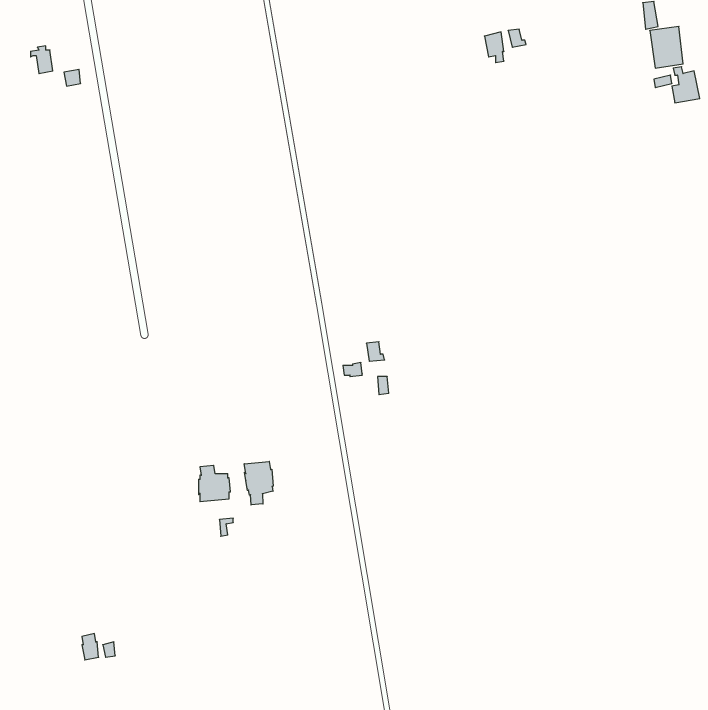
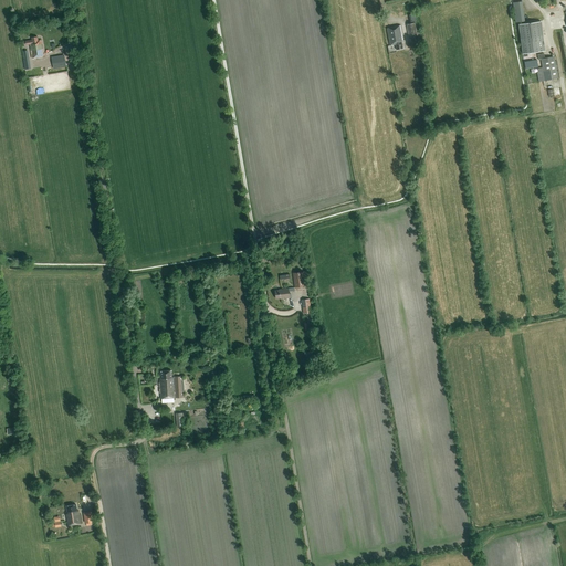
building: [244,461,273,505] -> none

